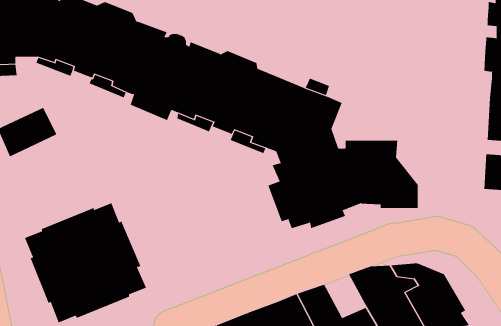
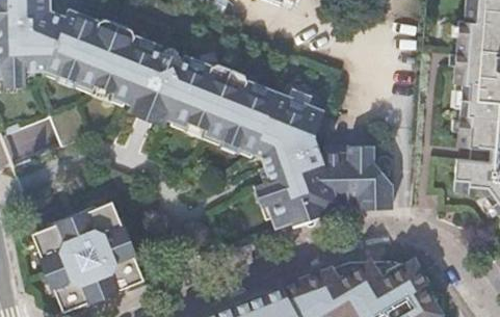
building: none -> [308,268,346,308]

